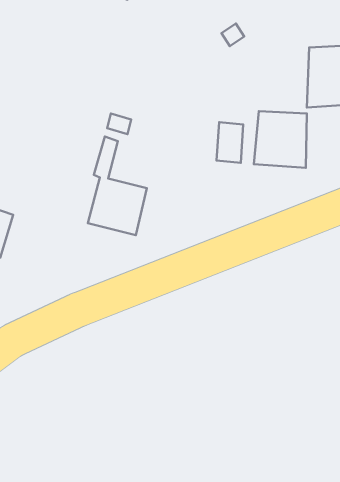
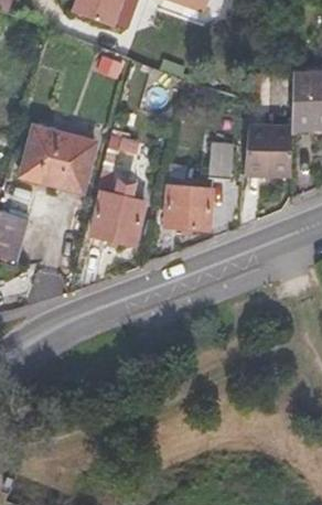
building: none -> [21,126,93,189]
building: none -> [165,185,212,227]

